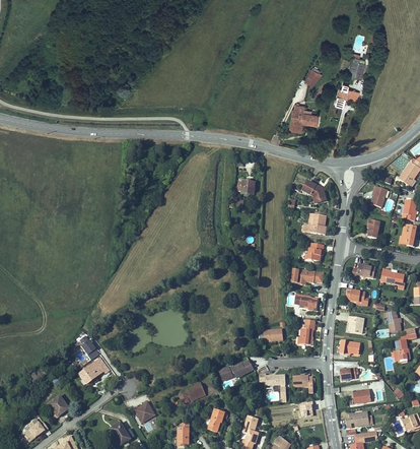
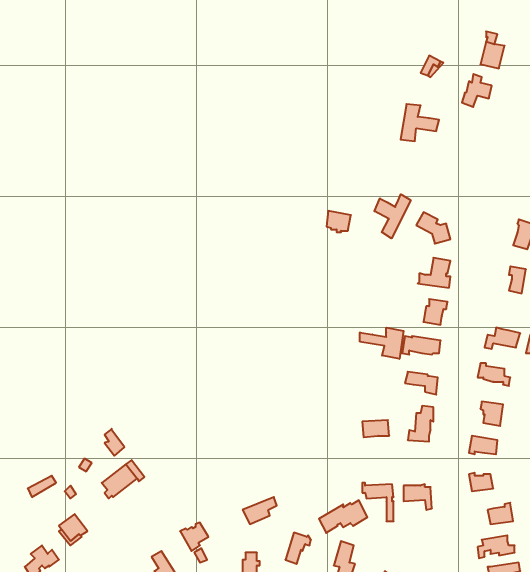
building: none -> [374,194,411,238]
building: none -> [360,328,404,359]
building: [218,357,253,380] -> [319,500,367,533]

